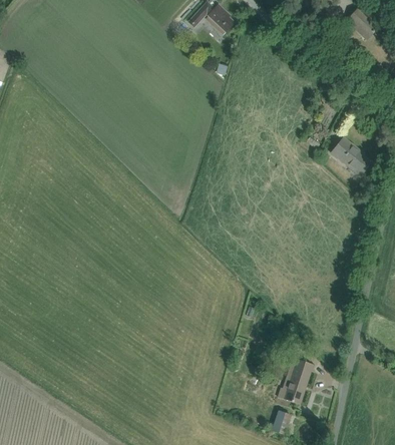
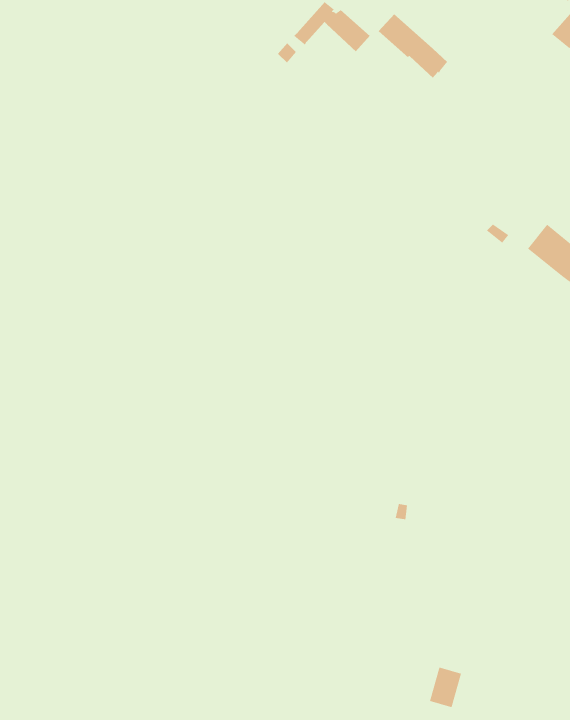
building: none -> [378,13,448,78]
building: [278,358,313,404] -> none

